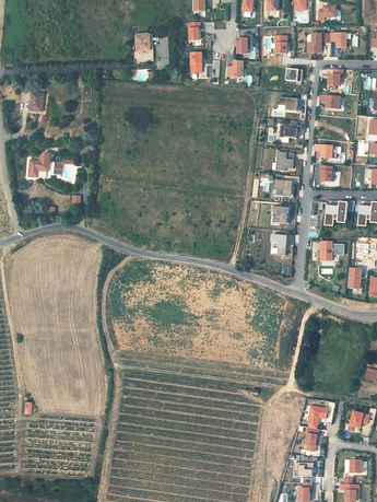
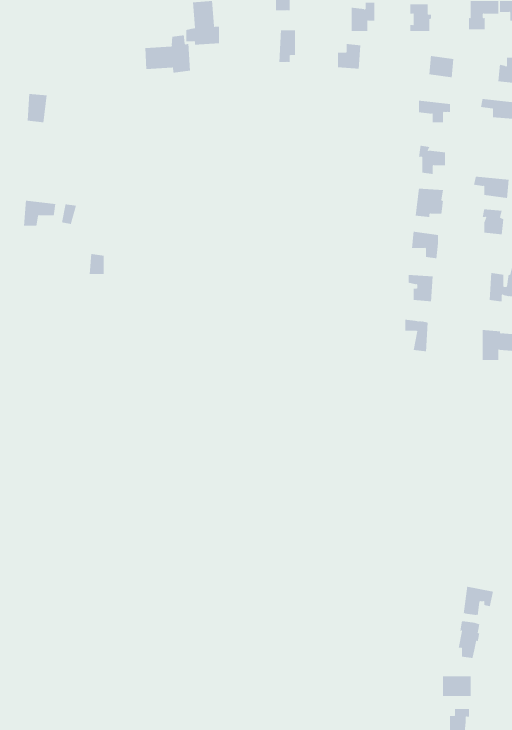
building: none -> [145,35,191,74]

